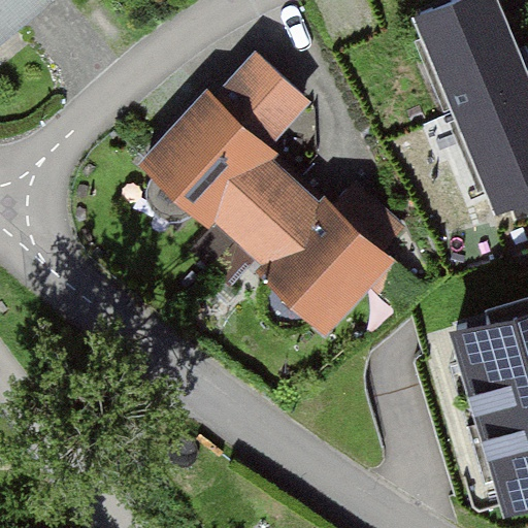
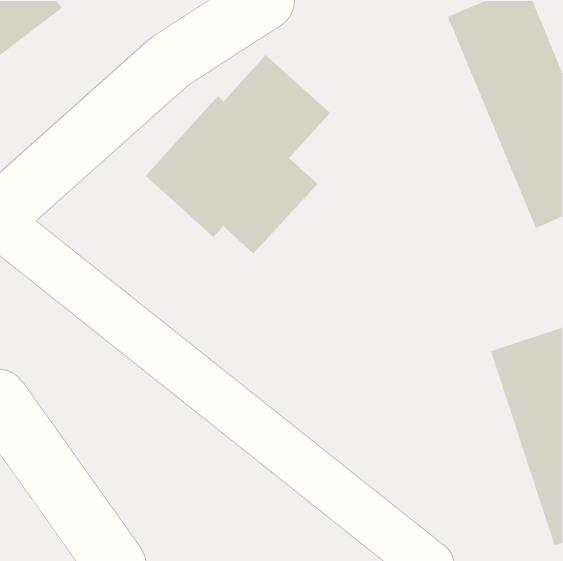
building: [236,175,416,337] -> none

